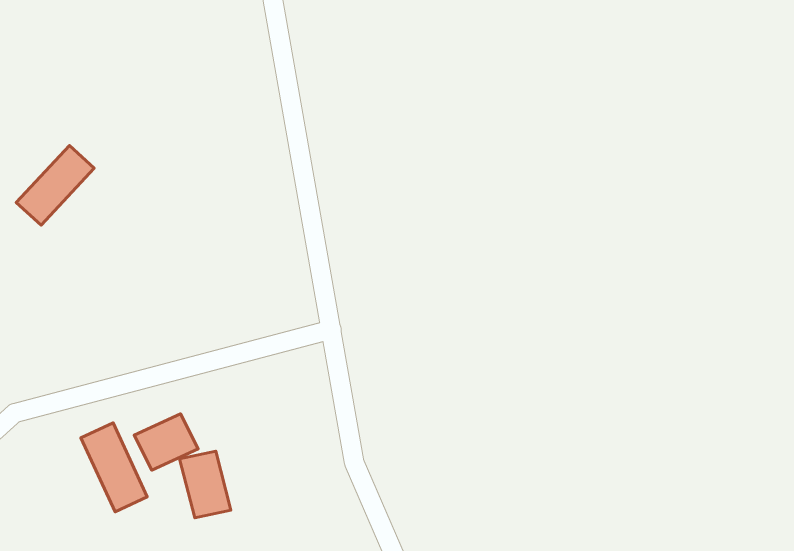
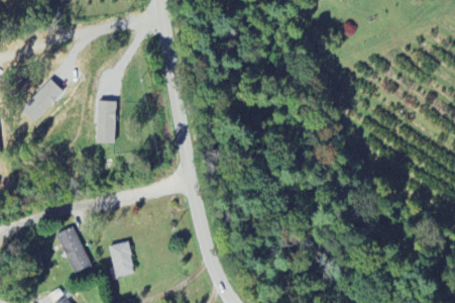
building: none -> [96,99,115,141]
building: [134,414,198,470] -> none

